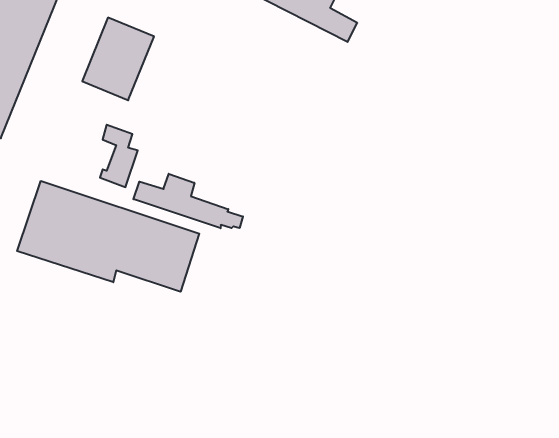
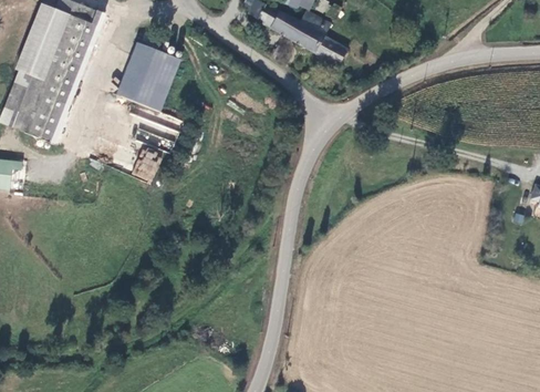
building: [133,174,243,228] -> none
building: [17,181,199,292] -> none

